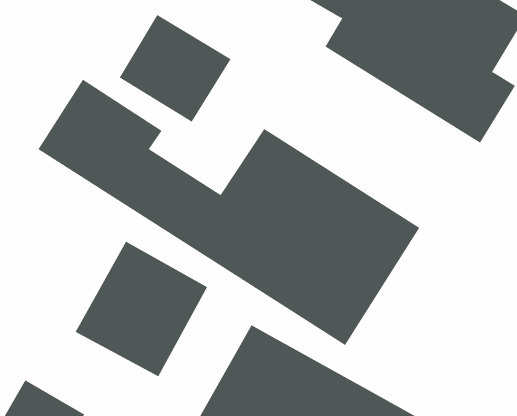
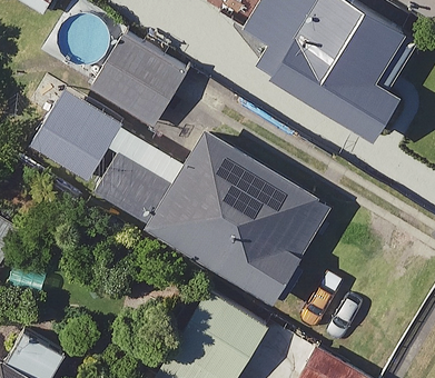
building: [75,241,208,377] -> none

